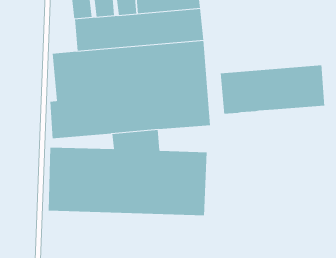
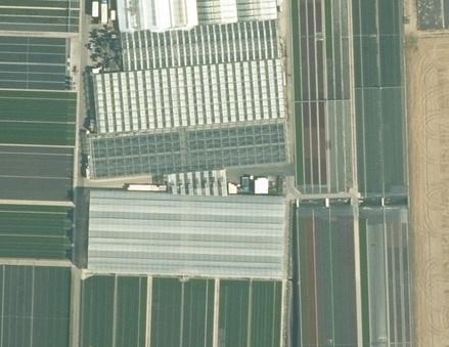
building: [220,64,325,115] -> none

